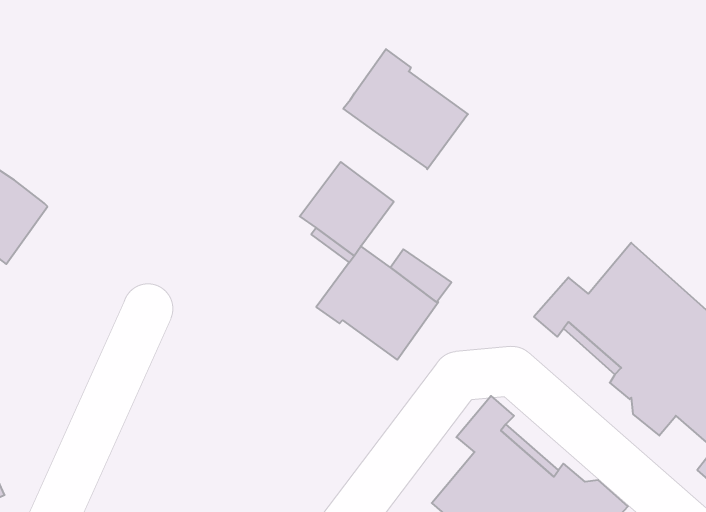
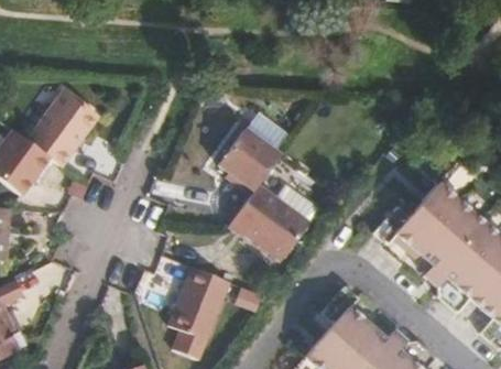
building: [343,49,468,169] -> none
building: none -> [26,90,99,167]
building: none -> [170,268,230,341]

